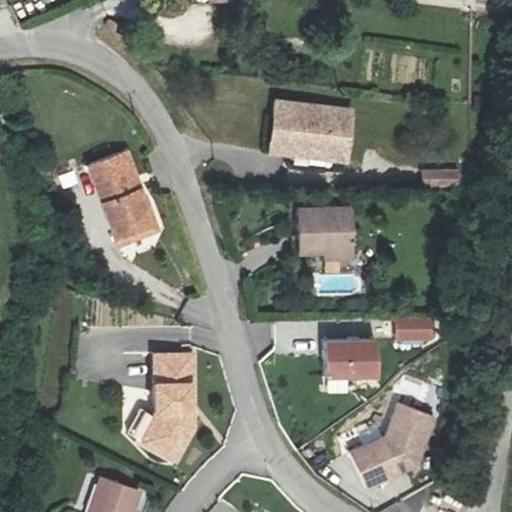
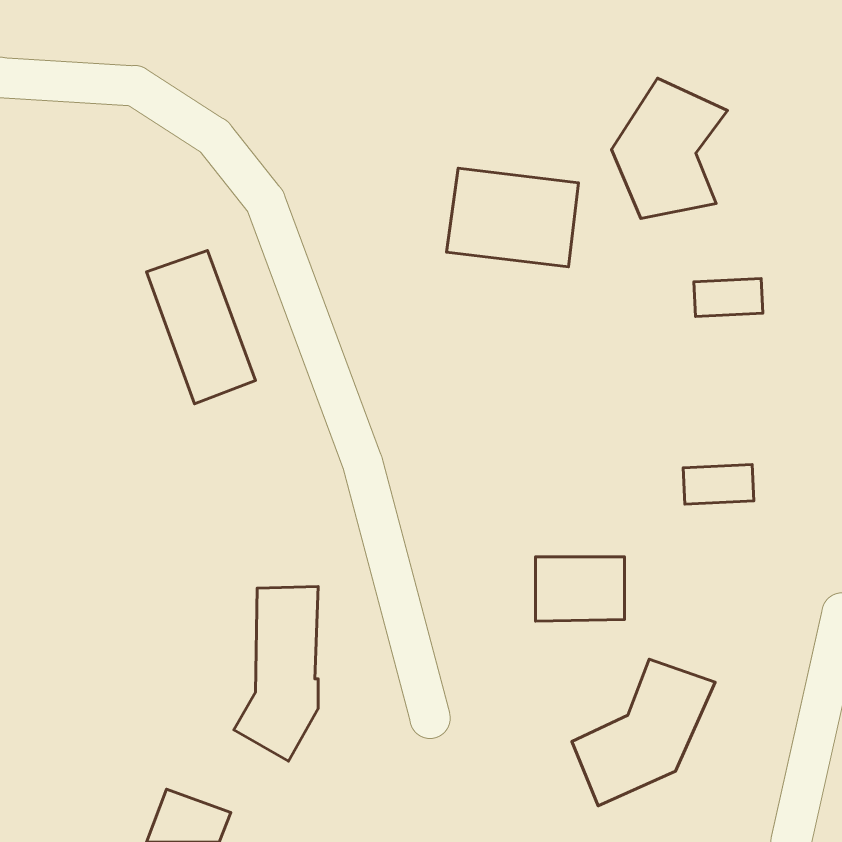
building: none -> [611,78,727,219]
building: [296,209,355,260] -> none
building: [392,316,435,340] -> [683,465,754,504]

